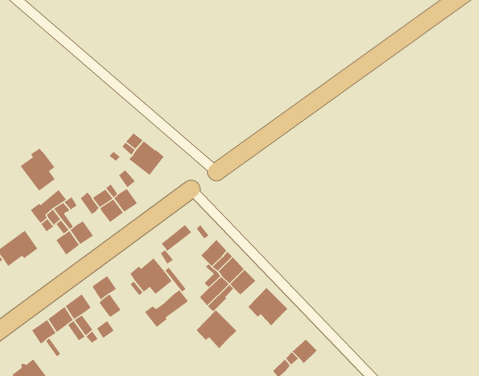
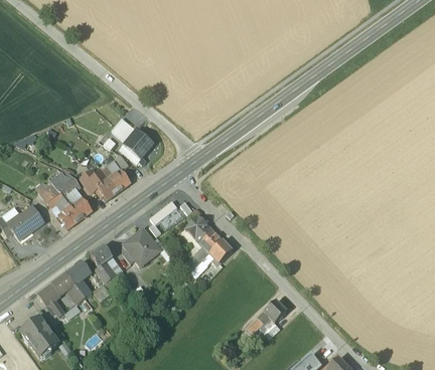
building: [20,148,56,192] -> none
building: [247,287,288,326] -> none
building: [144,289,189,328] -> none
building: [196,309,237,349] -> none

